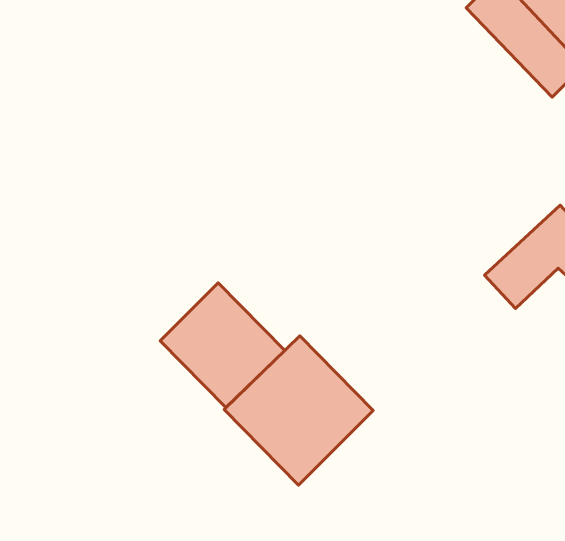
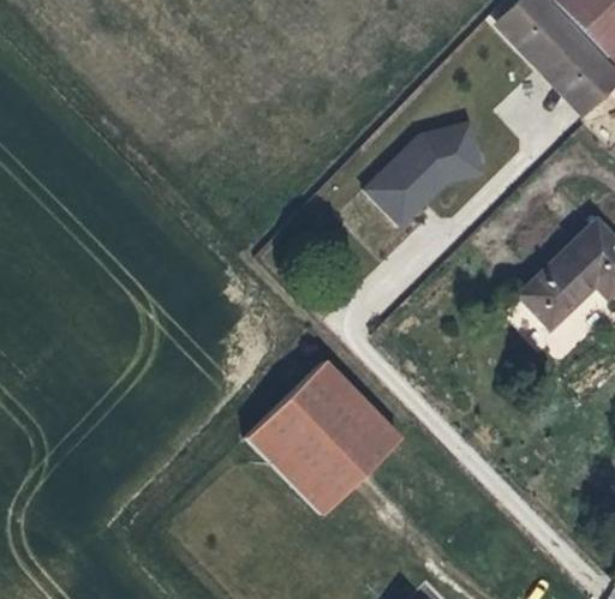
building: none -> [364,124,484,227]
building: [160,283,285,408] -> none

